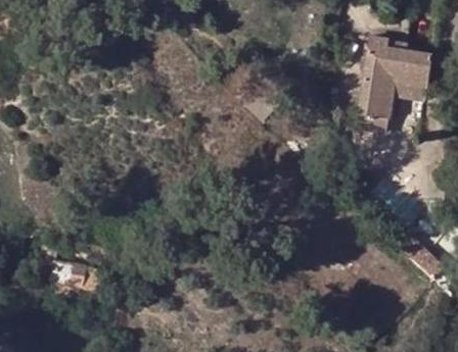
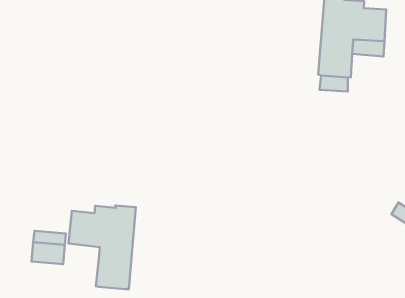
building: none -> [68,205,136,289]

